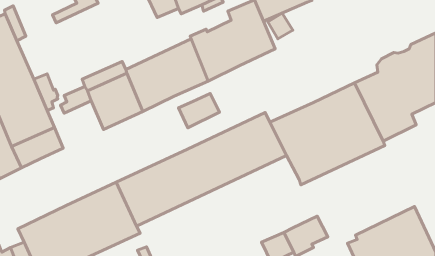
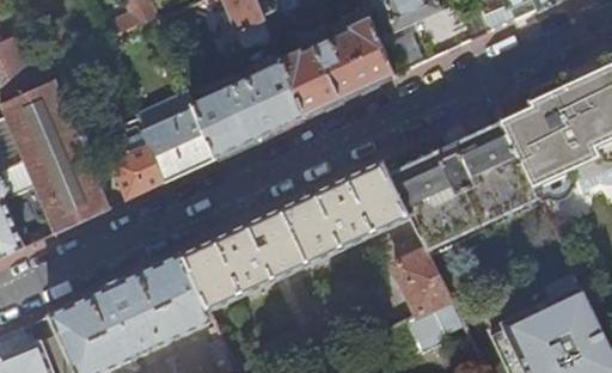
building: [179,93,219,128] -> none
building: none -> [111,143,165,200]
building: none -> [394,249,451,313]

